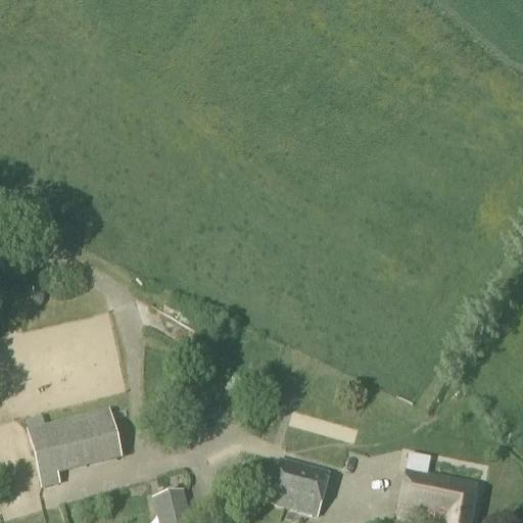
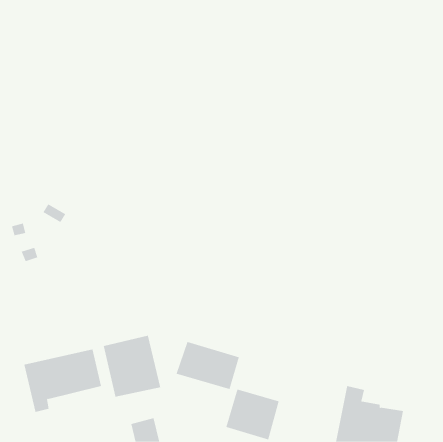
building: none -> [103,335,161,397]
building: none -> [176,341,239,390]

